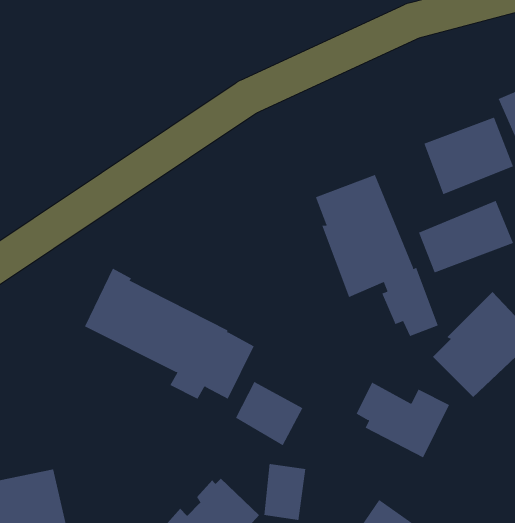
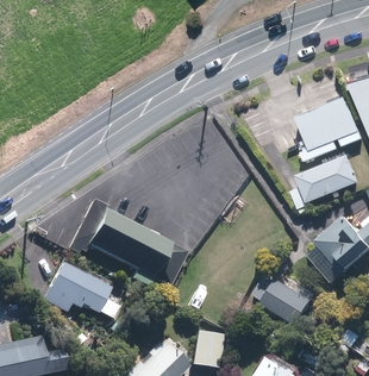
building: [315,174,439,337] -> none
building: none -> [39,259,110,315]
building: [235,381,303,446] -> none

